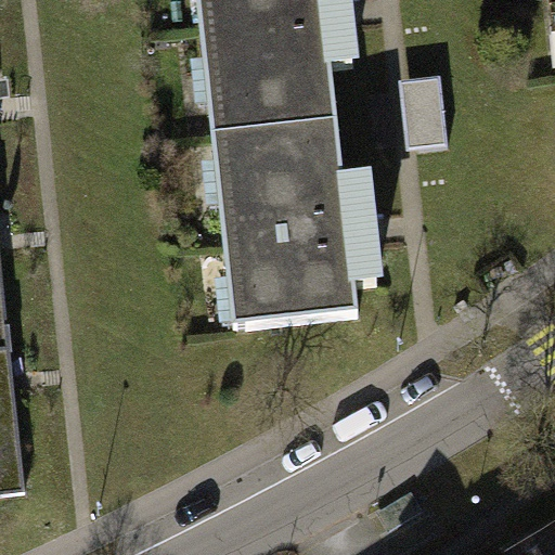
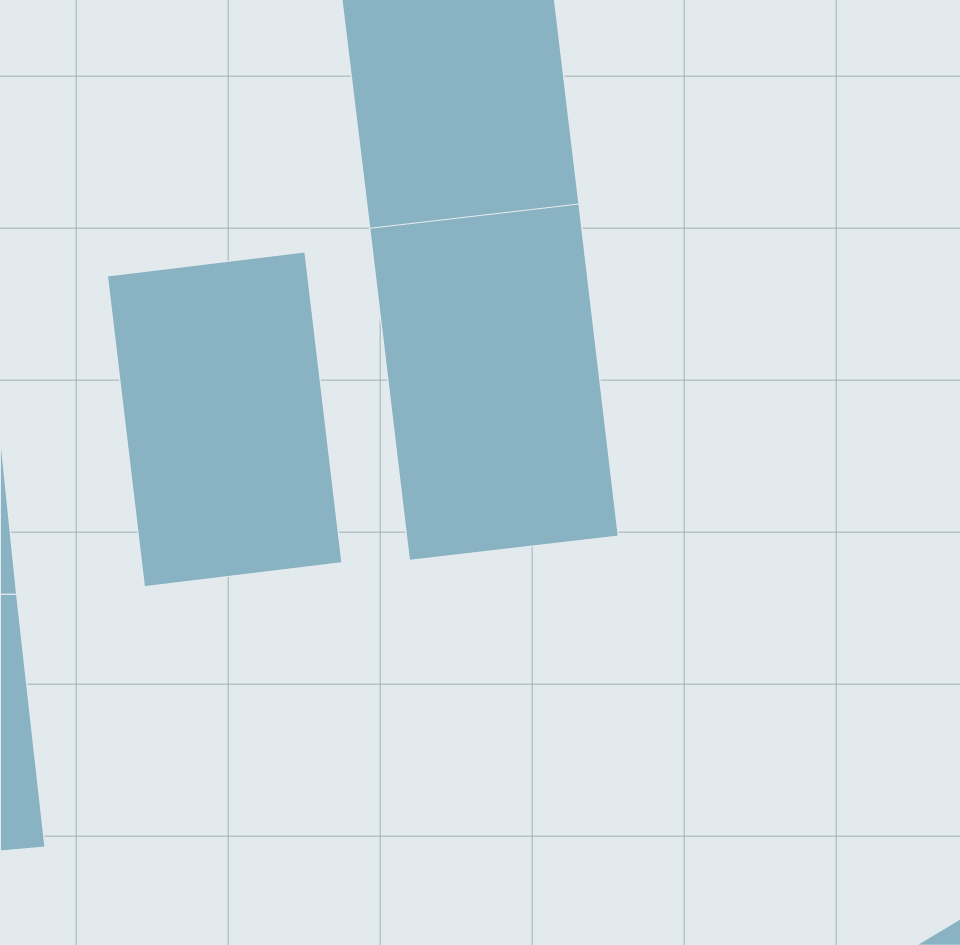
building: none -> [108,252,342,587]

